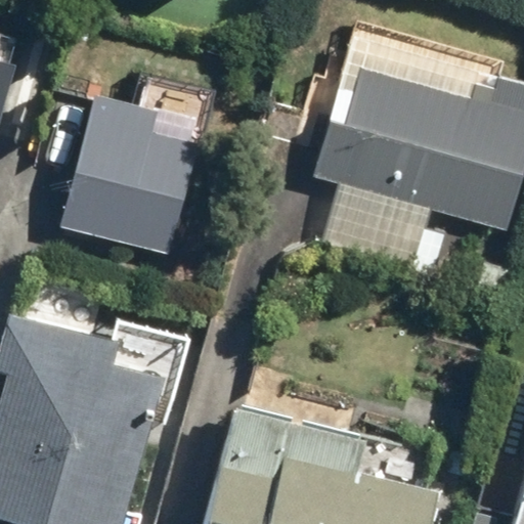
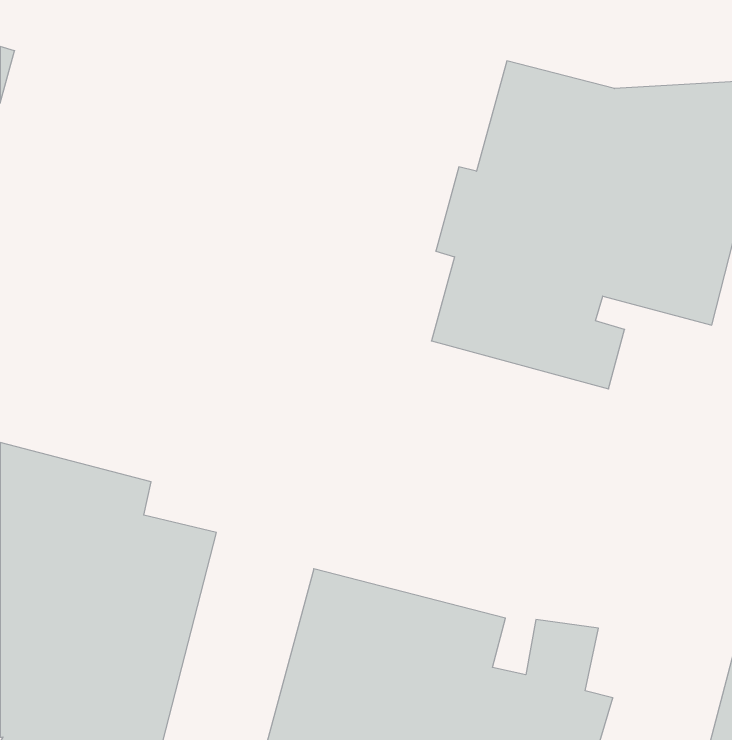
building: [54,93,212,258] -> none

